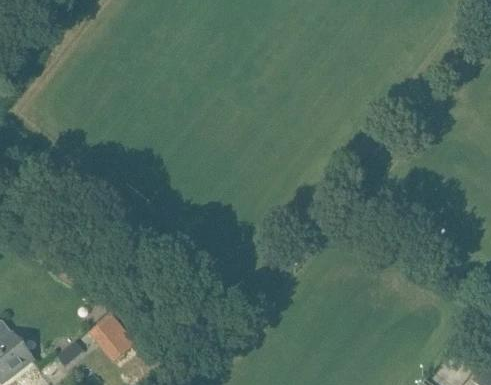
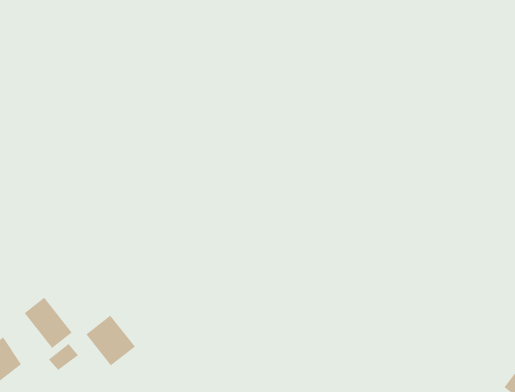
building: none -> [24,297,72,349]

